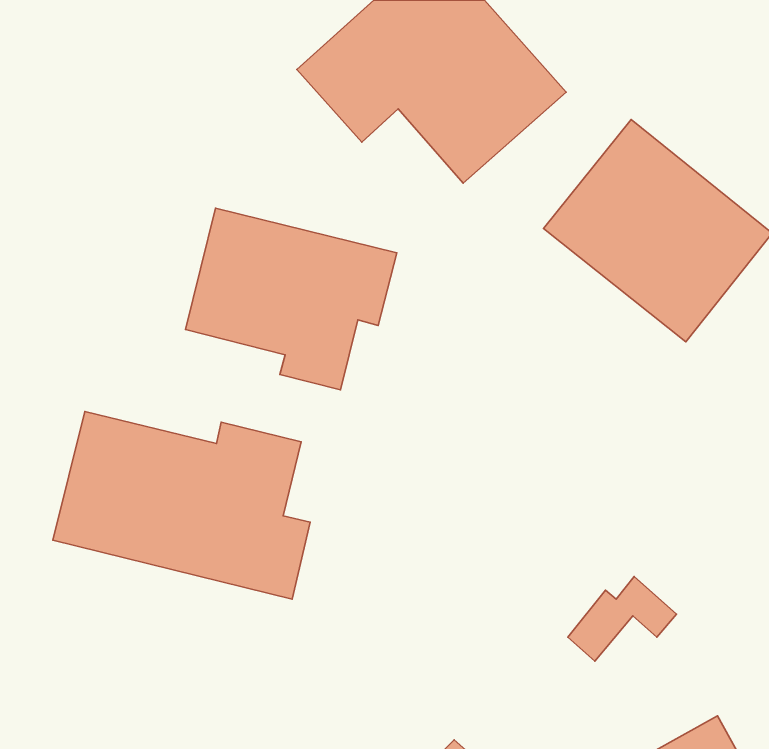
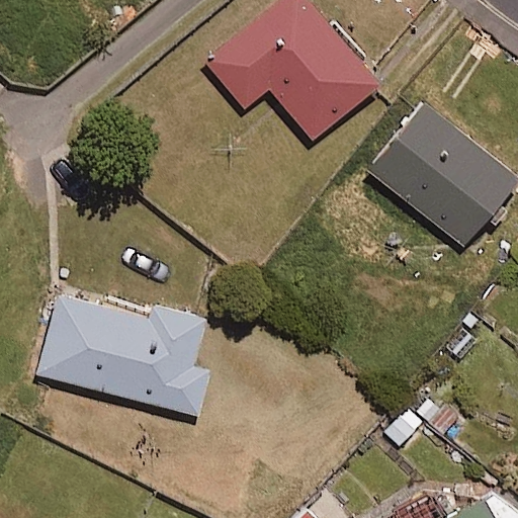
building: [186,208,397,390] -> none

